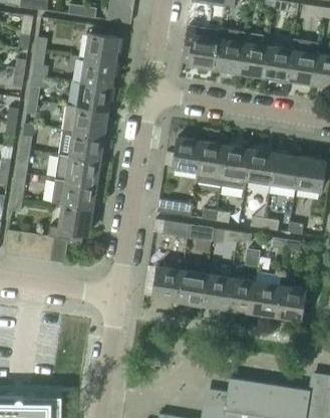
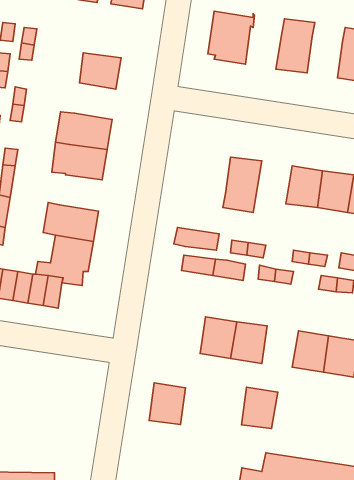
building: [214,29,245,72] -> none
building: [84,35,118,63] -> none
building: [263,46,291,79] -> none
building: [77,83,110,113] -> none
building: [164,139,202,172] -> none
building: [220,146,251,191] -> none
building: [56,155,99,186] -> none
building: [152,266,182,299] -> [149,383,186,424]
building: [227,277,256,310] -> [241,387,278,429]

